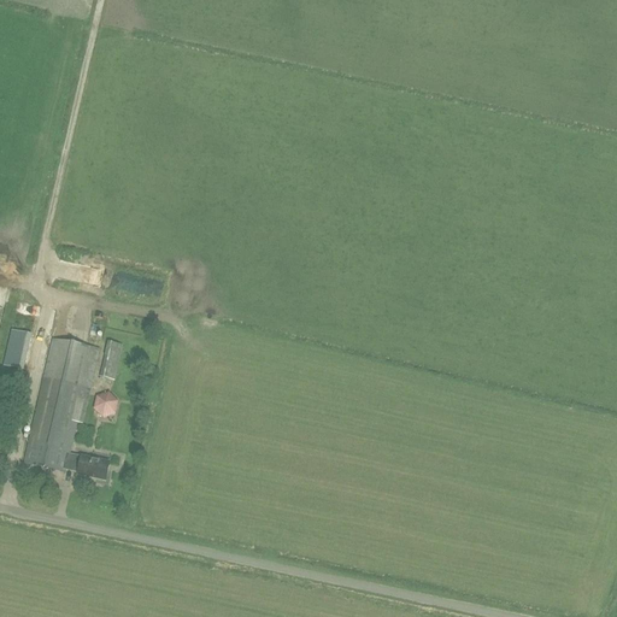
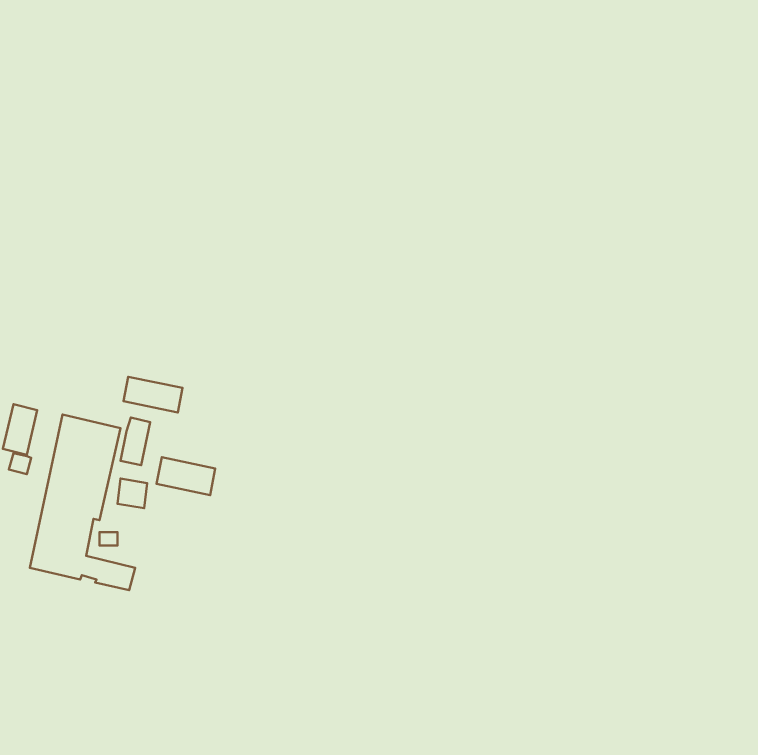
building: none -> [124,377,183,413]
building: none -> [156,457,215,495]

